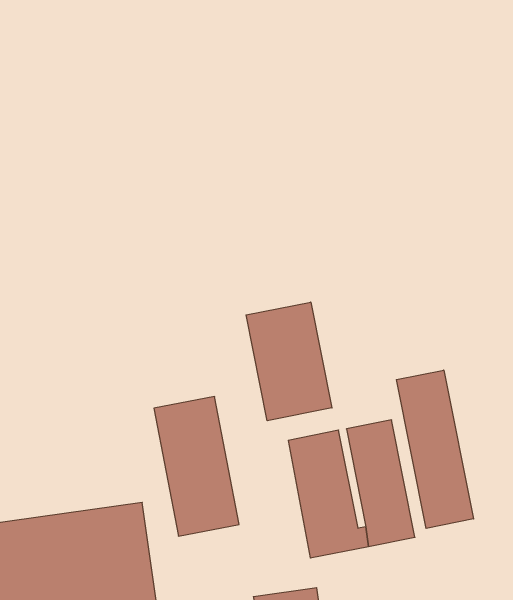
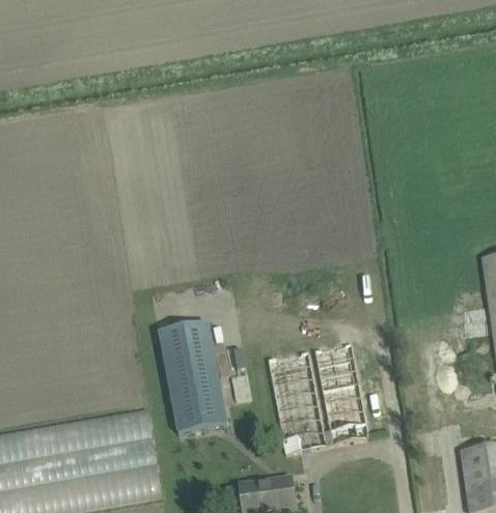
building: [246,302,332,421] -> none
building: [396,370,474,528] -> none

